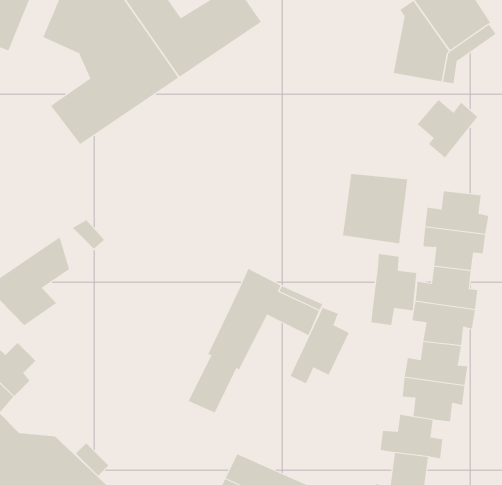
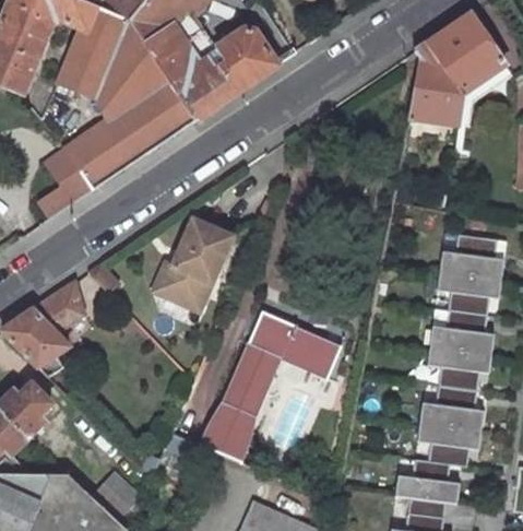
building: [417,99,478,159] -> none
building: none -> [37,148,95,219]
building: [343,173,408,244] -> none
building: none -> [159,221,233,310]
building: [371,253,417,326] -> none
building: [290,307,350,384] -> none

